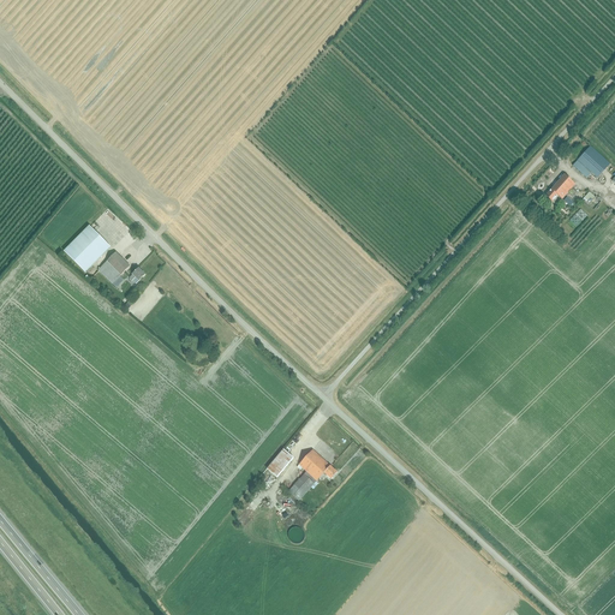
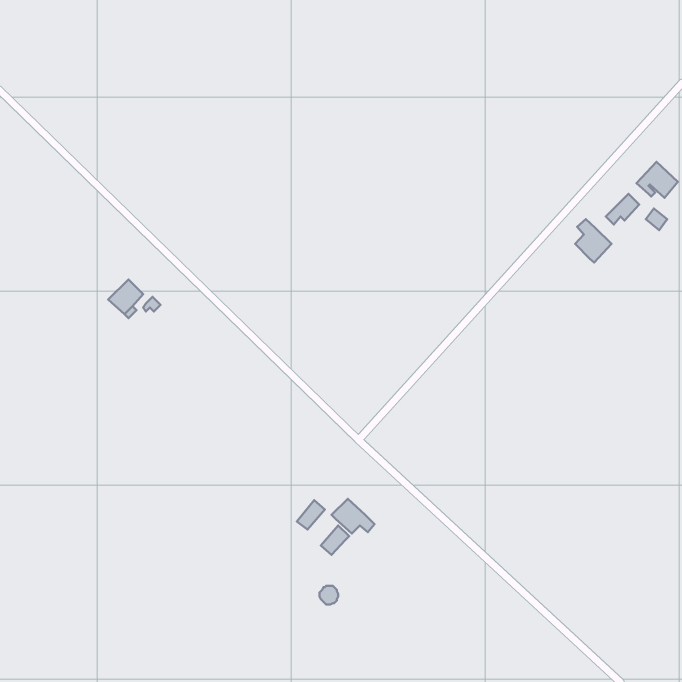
building: none -> [575,219,611,263]
building: [64,226,111,273] -> none

